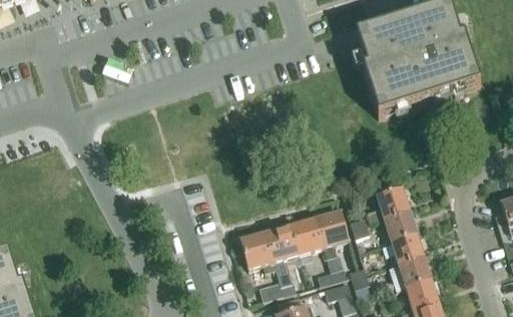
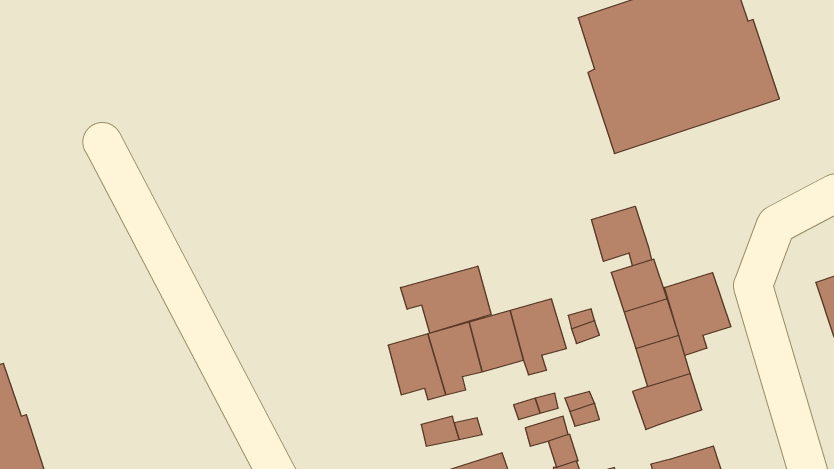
building: none -> [592,206,651,266]
building: none -> [401,266,491,333]
building: none -> [664,273,731,355]
building: [405,275,438,305] -> none

